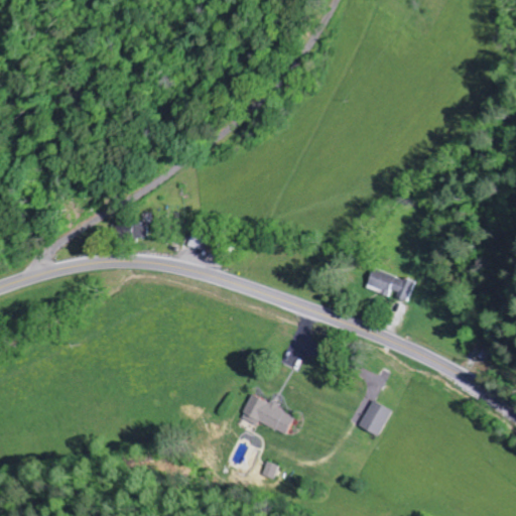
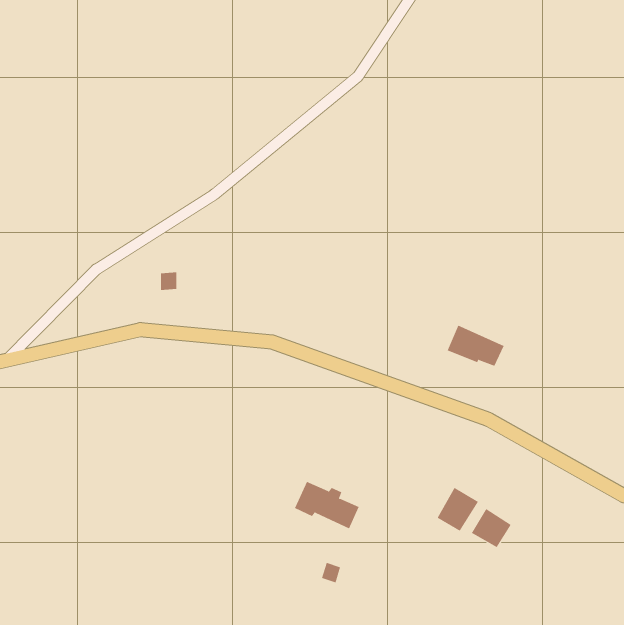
building: none -> [471,508,511,548]

